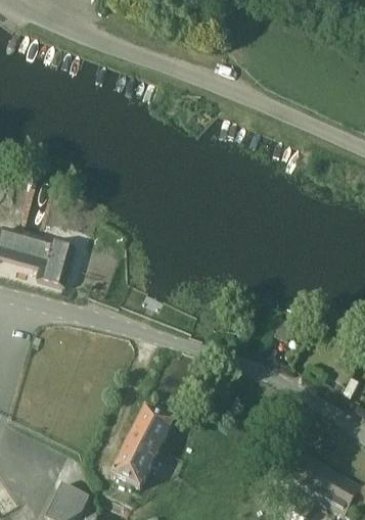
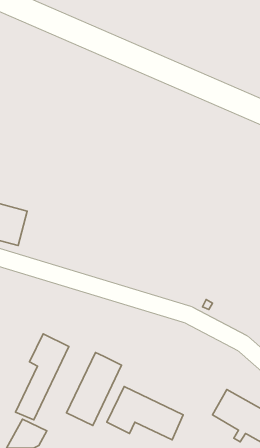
building: none -> [15,334,69,420]
building: none -> [107,386,183,440]

